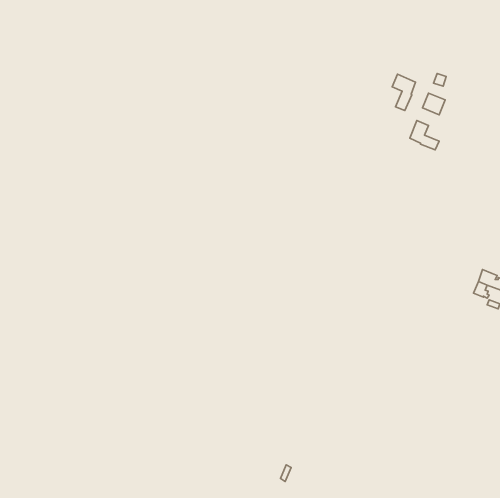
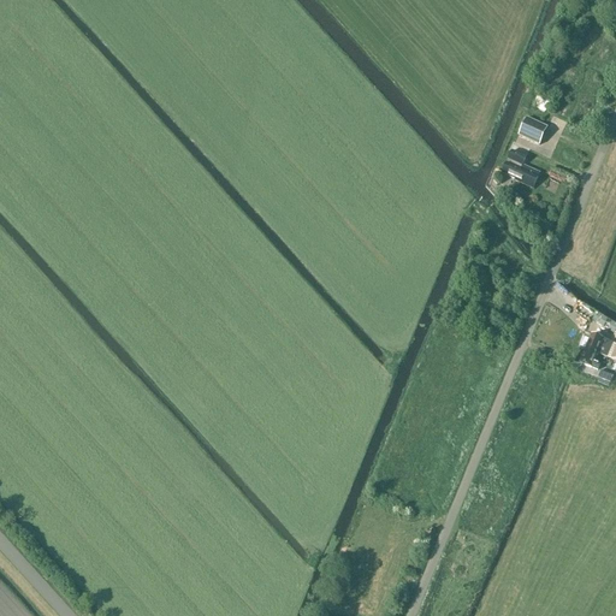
building: [392,74,416,111] -> none

